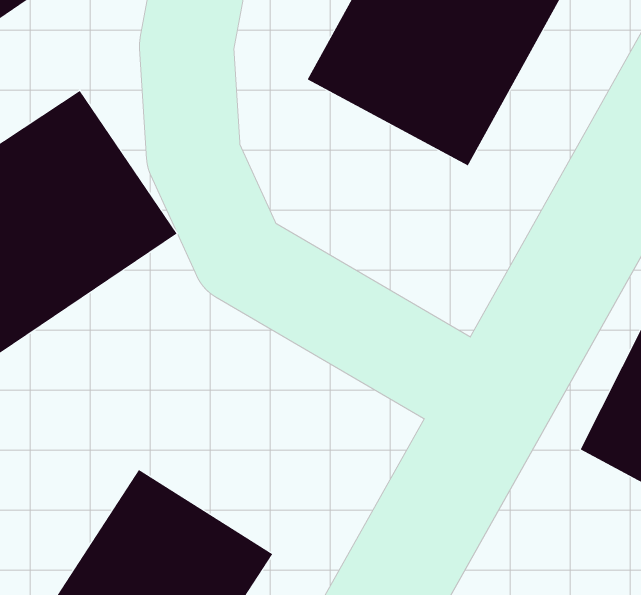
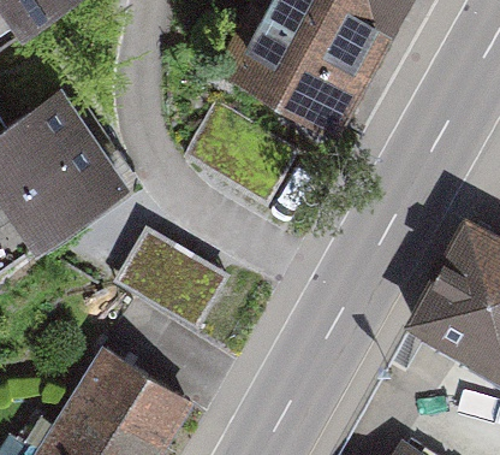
building: none -> [120,231,224,321]

